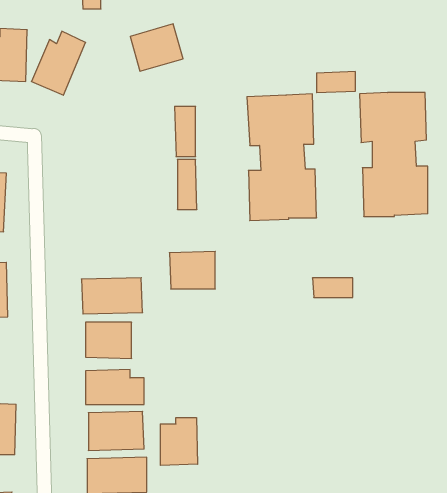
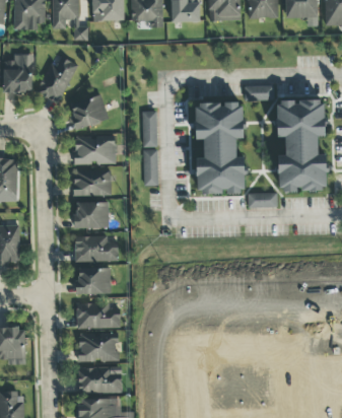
building: [130,24,183,71] -> [69,94,108,129]
building: none -> [73,135,115,164]
building: none -> [73,169,111,196]
building: [169,251,215,289] -> [74,201,108,228]
building: [312,278,353,297] -> [247,193,276,207]
building: [160,418,198,465] -> none

